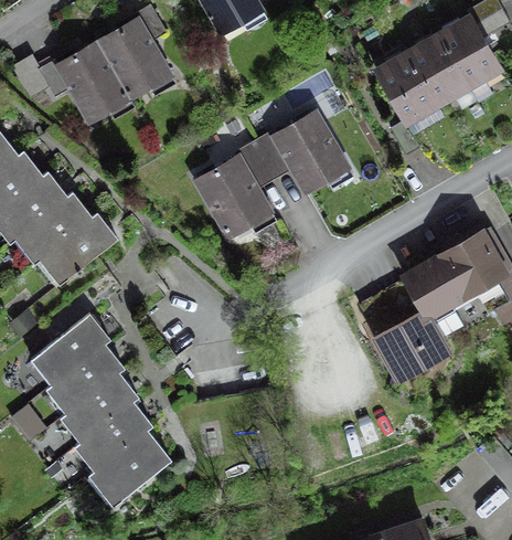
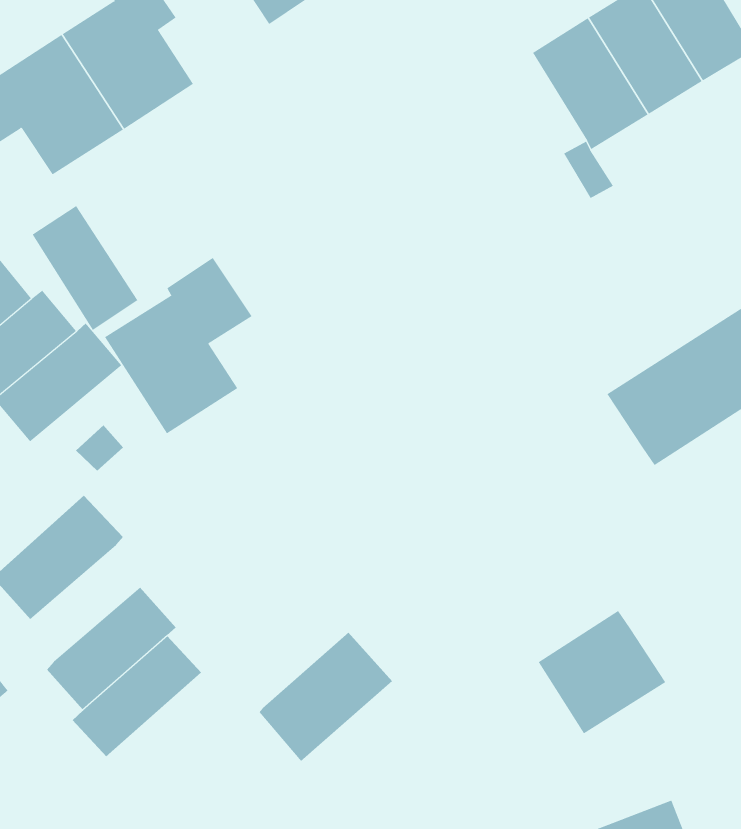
building: [268,110,351,199] -> none
building: [194,136,282,239] -> [104,257,252,434]
building: none -> [32,205,138,331]
building: [372,307,447,379] -> [538,610,666,734]
building: [50,345,125,411] -> none
building: [92,427,172,502] -> [258,632,393,762]

